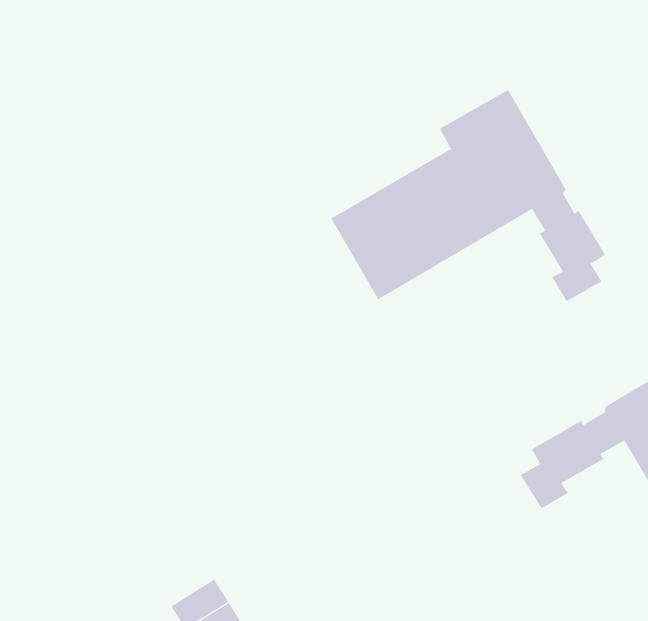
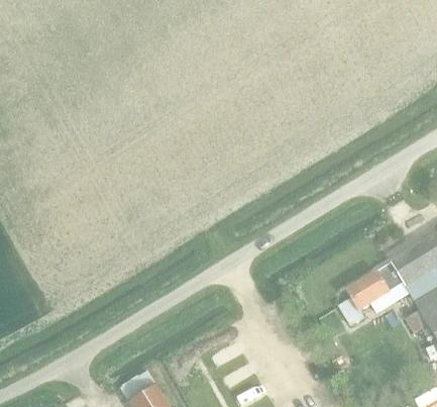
building: [330,89,606,302] -> none

